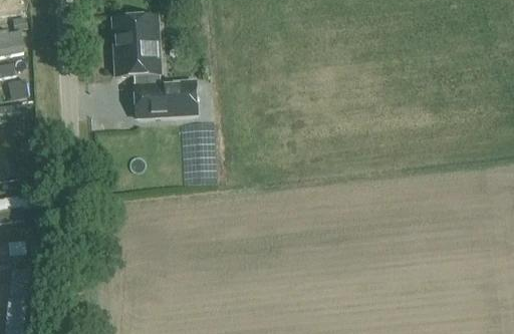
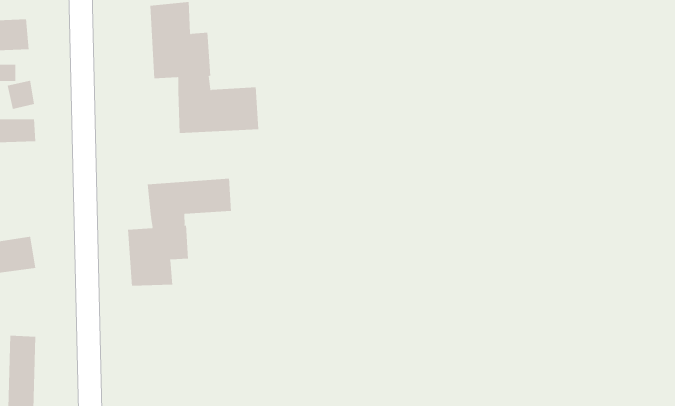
building: none -> [127,178,232,286]

